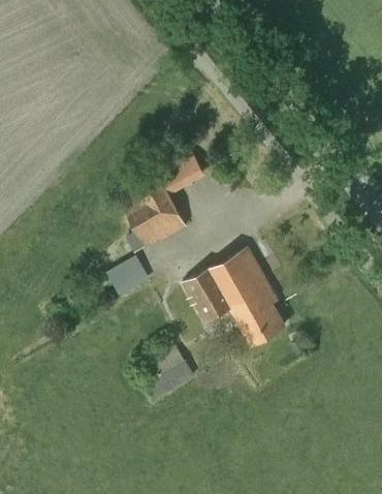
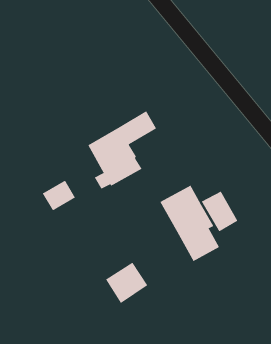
building: [105,255,149,296] -> [42,180,76,211]
building: [182,269,229,321] -> [201,191,238,232]

